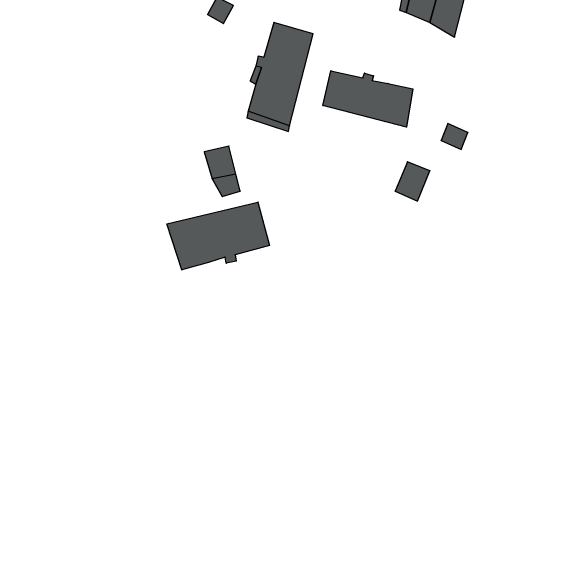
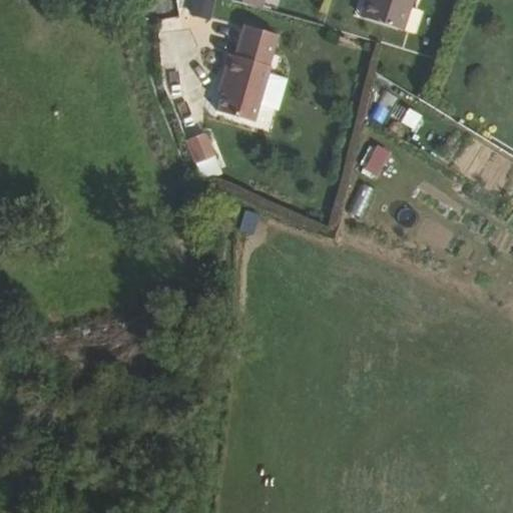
building: [323,71,413,127] -> none
building: [167,202,270,270] -> none

